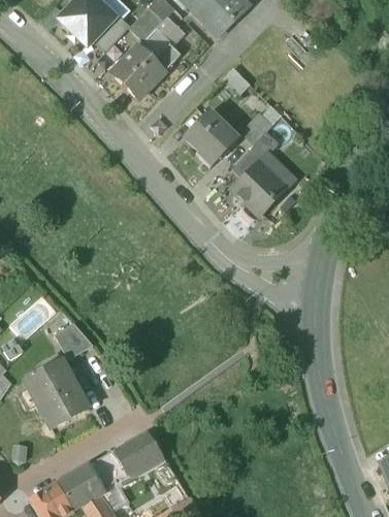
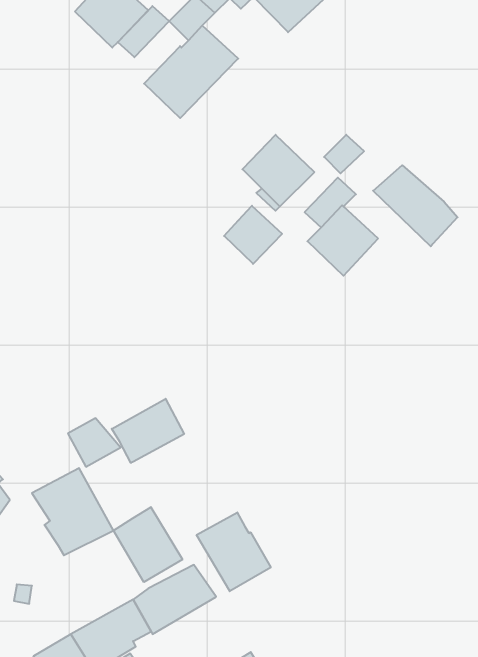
building: none -> [373,165,458,246]
building: none -> [224,206,282,264]
building: none -> [112,399,184,463]
building: none -> [114,507,182,582]
building: none -> [197,512,271,591]

